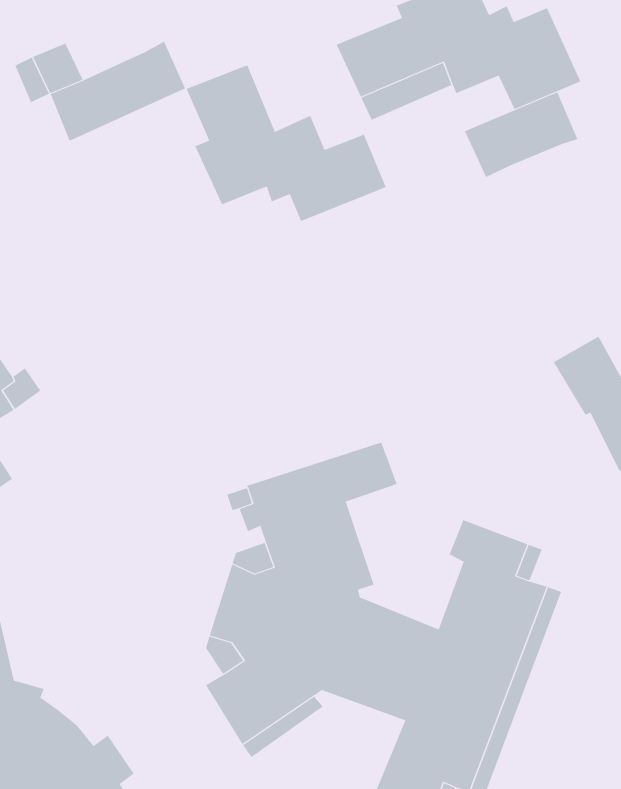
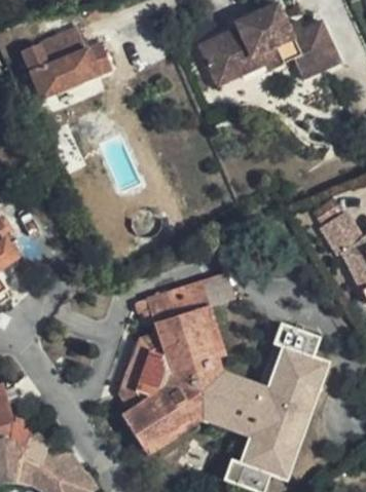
building: none -> [40,25,86,63]
building: [186,65,387,222] -> none
building: [464,92,578,178] -> none

